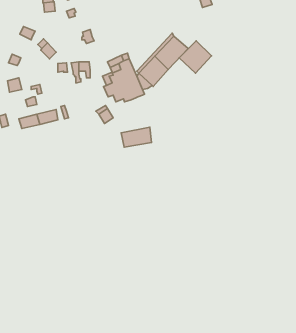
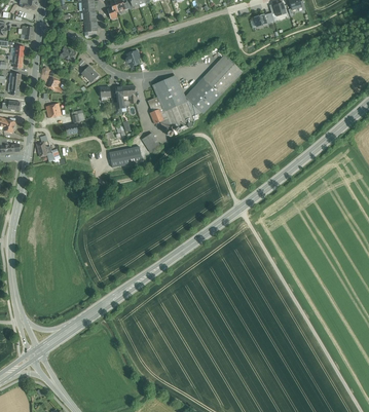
building: [179,41,212,73] -> none
building: [121,127,152,147] -> [109,145,142,166]

